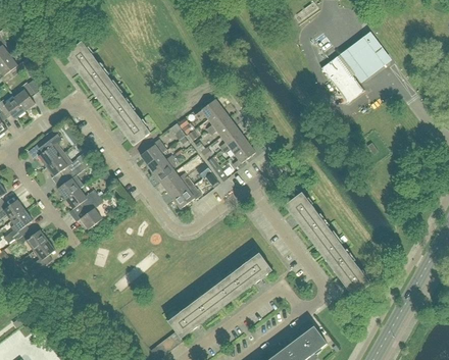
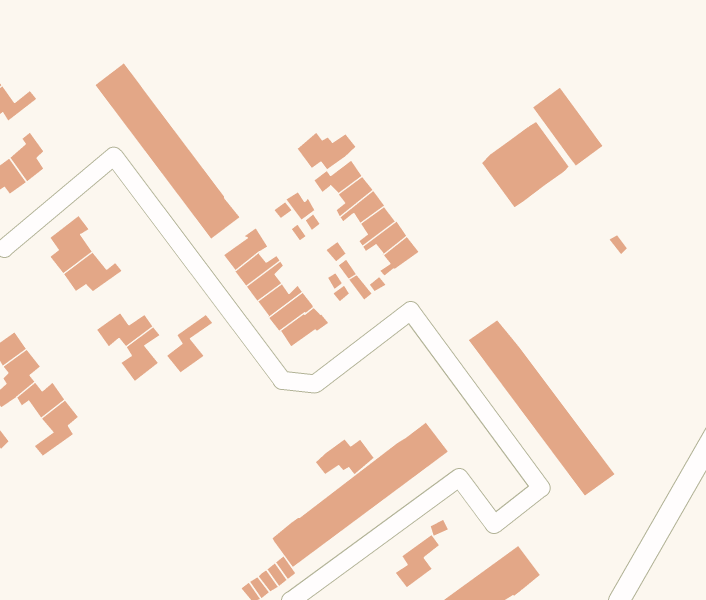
building: [338,31,390,82] -> [481,121,570,208]
building: none -> [297,132,356,170]
building: [57,163,85,198] -> [166,314,213,373]
building: none -> [315,438,374,475]
building: none -> [395,534,440,588]

